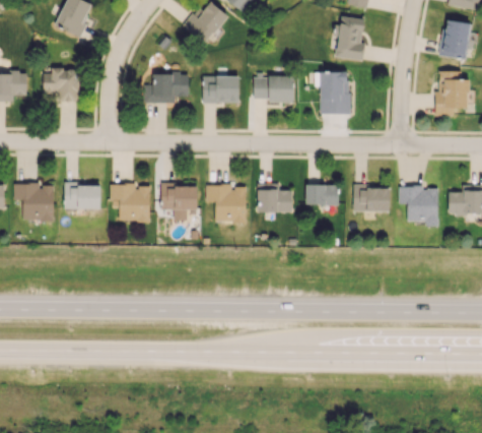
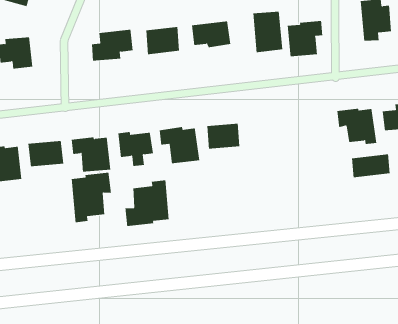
building: none -> [287,20,323,57]
building: [305,184,339,205] -> none
building: [353,186,390,211] -> none
building: none -> [71,172,111,223]
building: none -> [352,154,390,178]
building: none -> [125,180,169,227]

